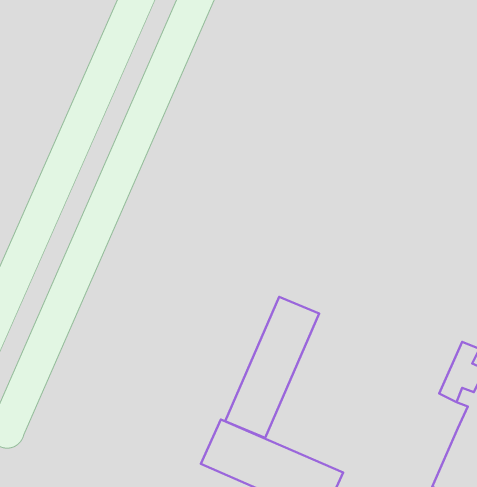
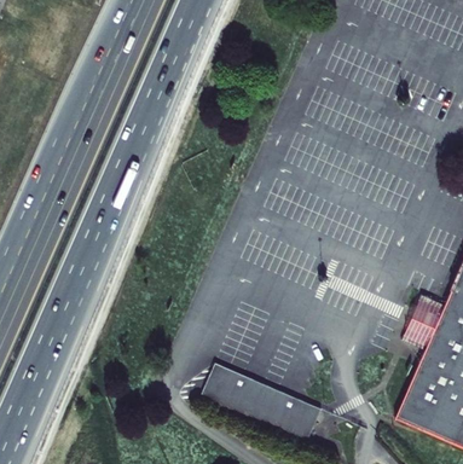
building: [225,297,319,438] -> none

